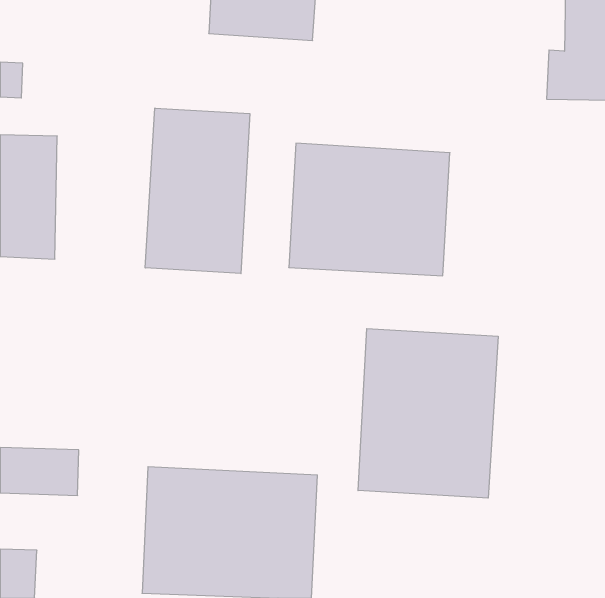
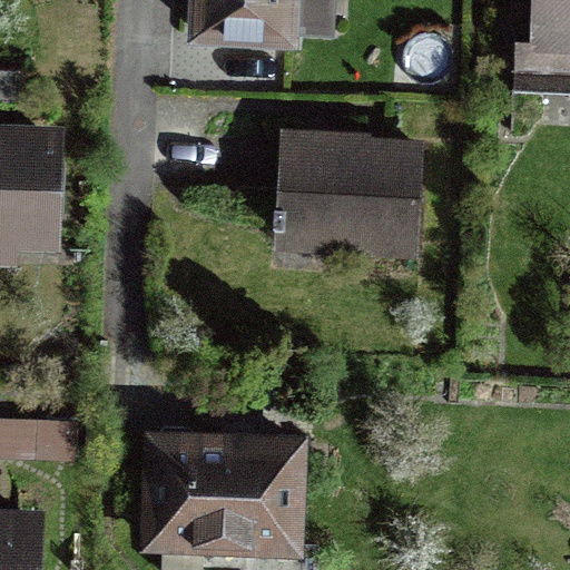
building: [145,108,250,274] -> none
building: [358,329,498,498] -> none

